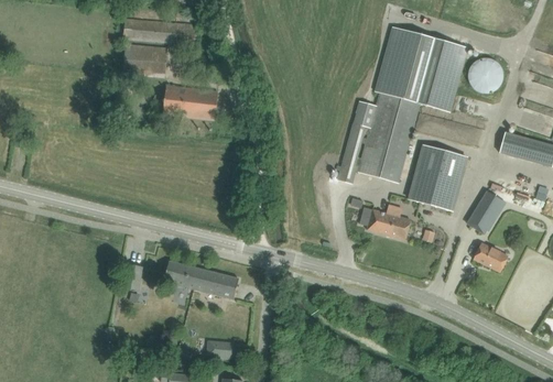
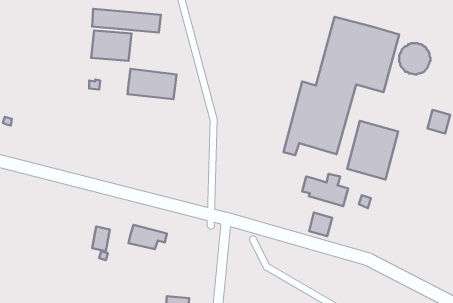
building: [466,189,507,233] -> none
building: [474,242,508,271] -> none
building: none -> [309,213,332,236]
building: [194,270,239,297] -> none

